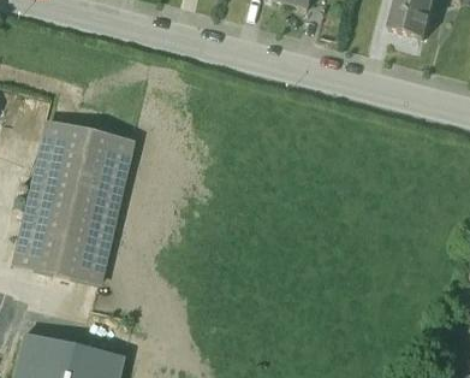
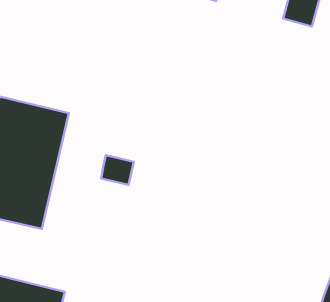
building: none -> [101,155,134,185]

